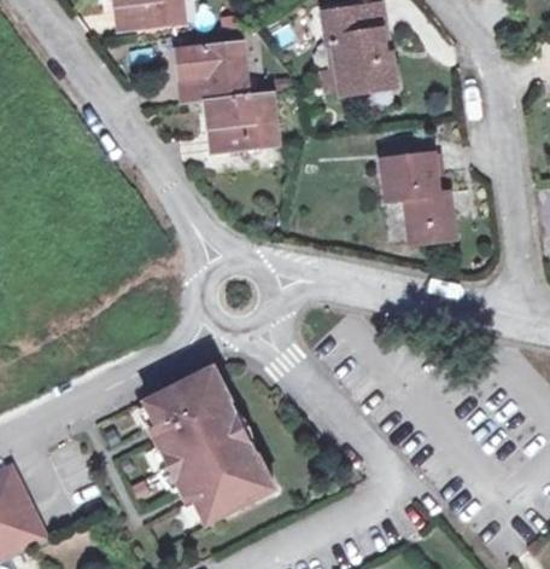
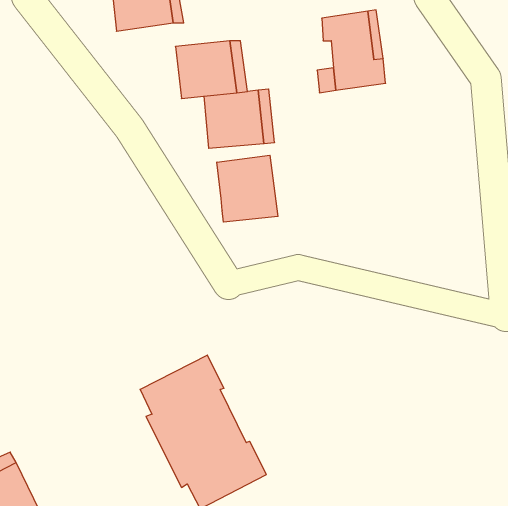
building: [382,157,456,242] -> none
building: none -> [217,155,278,222]

